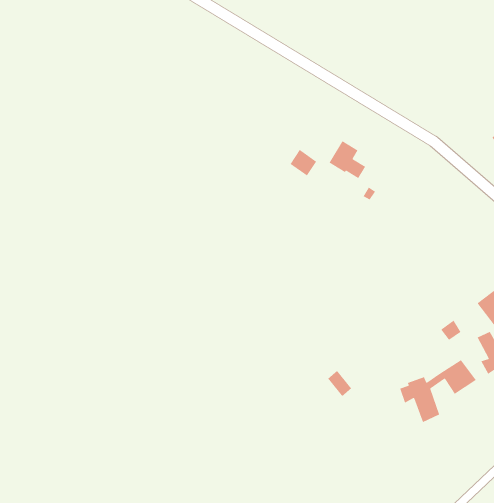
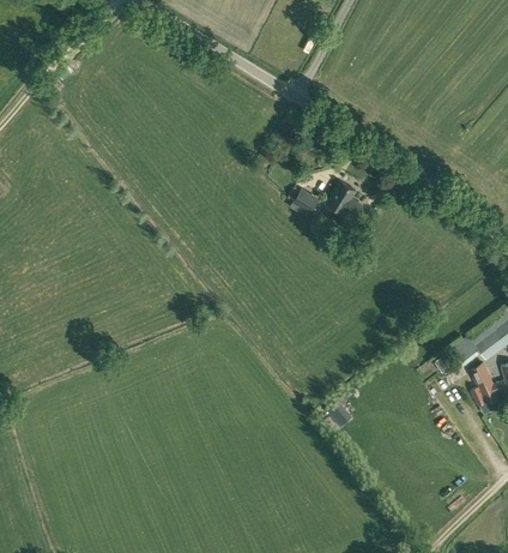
building: [399,359,477,423] -> none

